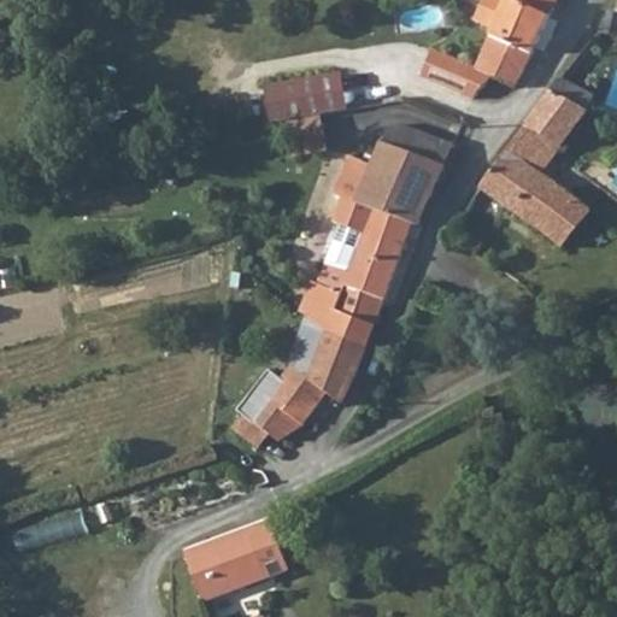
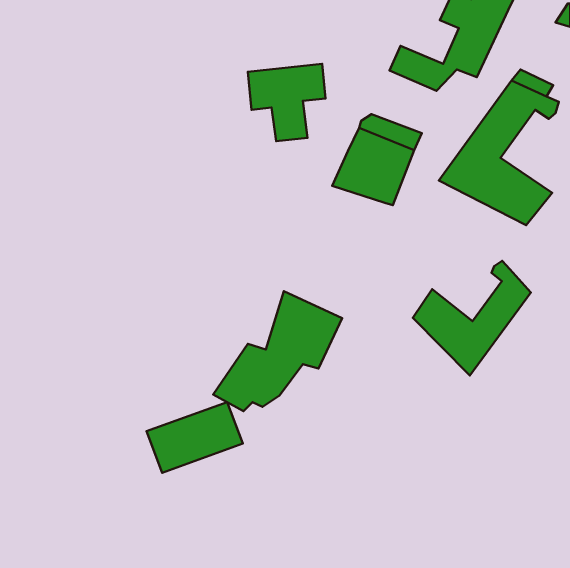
building: [299,153,413,342] -> none
building: none -> [413,261,531,375]
building: [178,523,282,599] -> [146,402,243,473]

